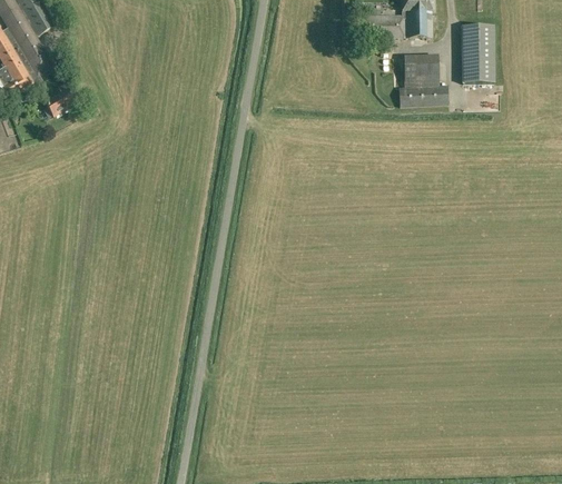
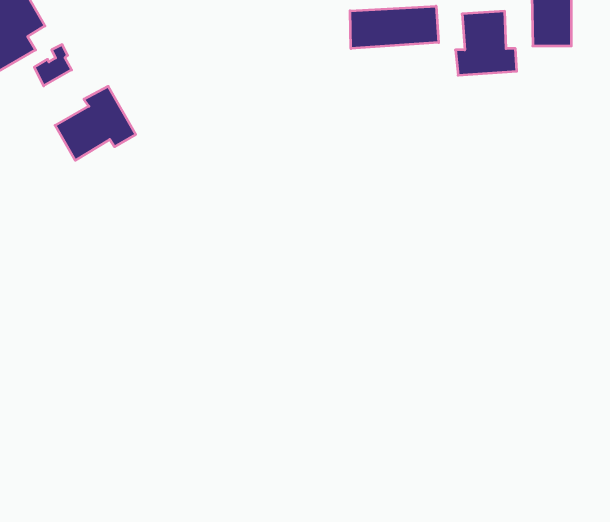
building: none -> [350,6,439,49]
building: none -> [55,86,136,160]

